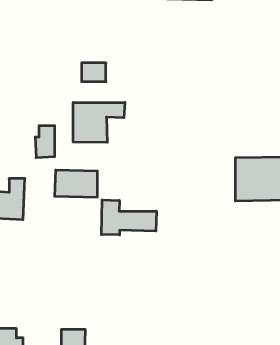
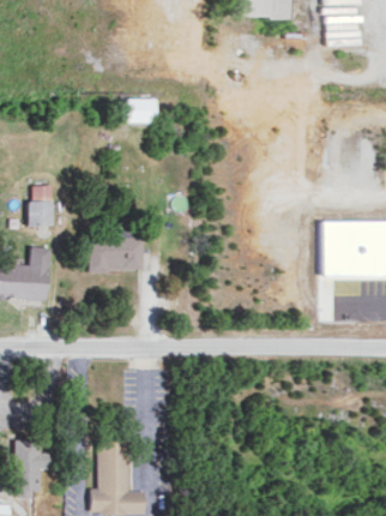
building: [73,102,125,142] -> none
building: [35,126,55,158] -> [26,186,52,227]
building: [101,200,156,235] -> none

